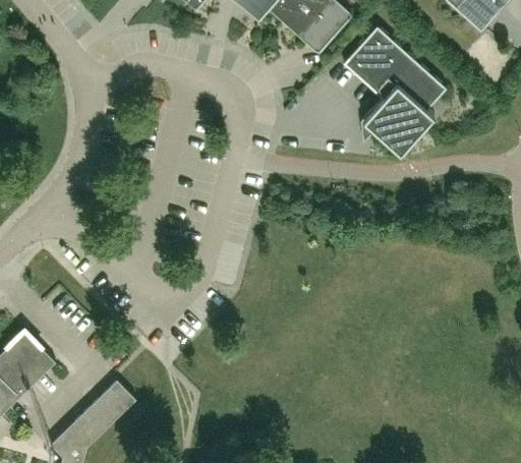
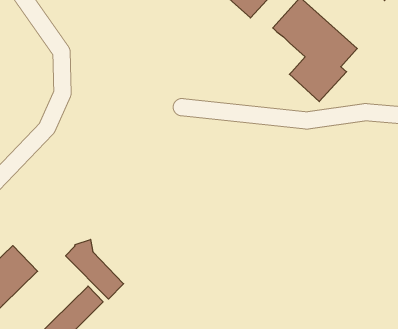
building: none -> [66,239,124,299]

